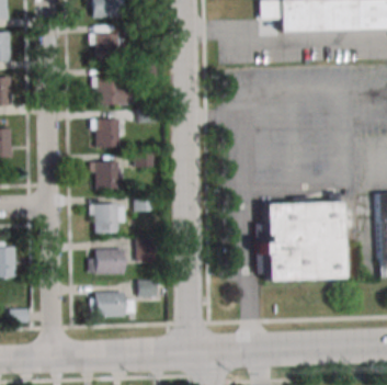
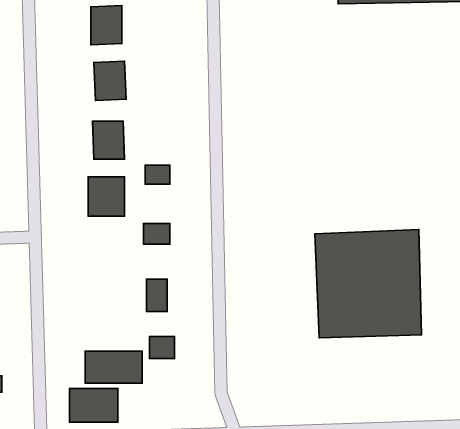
building: [90,204,124,231] -> none
building: [88,249,124,274] -> [69,388,118,422]

